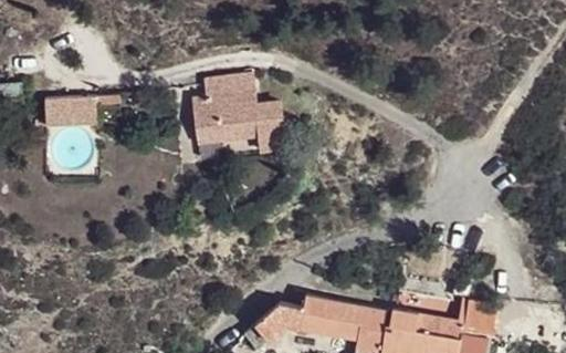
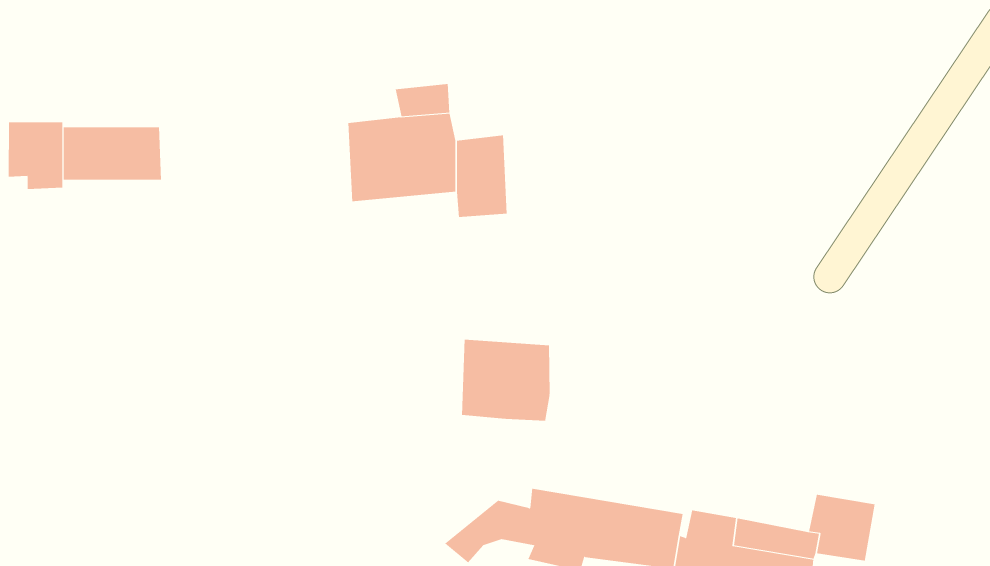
building: none -> [8,121,63,190]
building: none -> [462,339,550,422]

